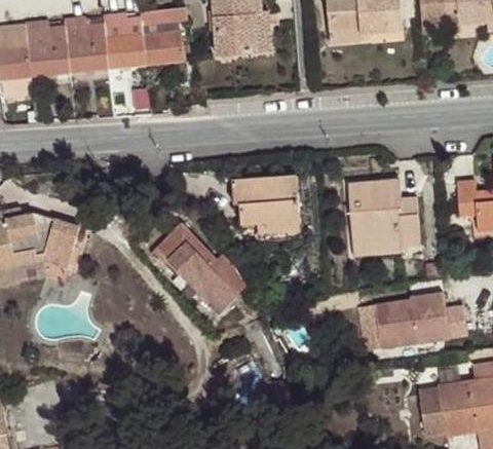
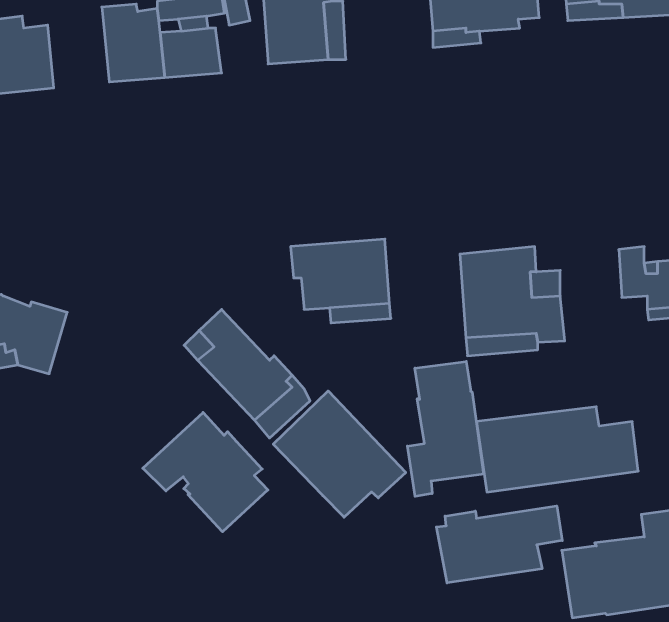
building: [65,18,107,72] -> none
building: none -> [407,361,484,496]
building: none -> [273,391,406,517]
building: none -> [143,412,268,532]
building: none -> [436,506,562,583]

